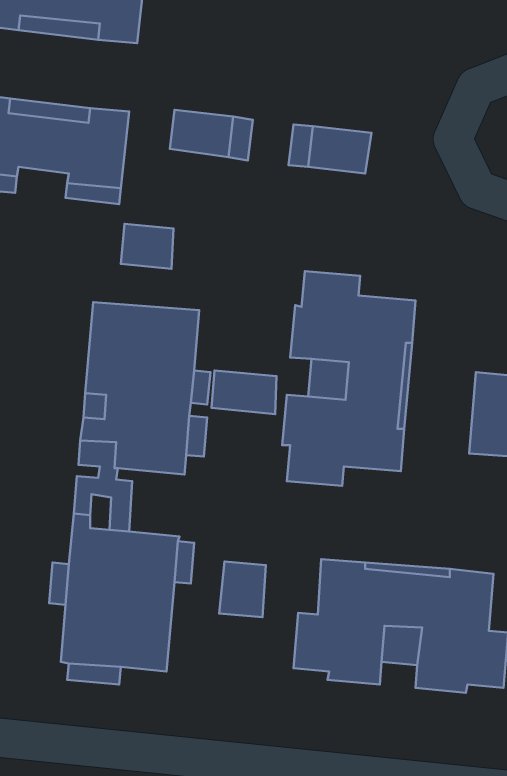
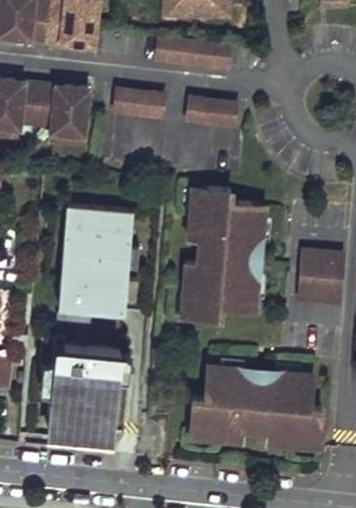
building: none -> [156,36,232,69]
building: [121,224,174,269] -> none
building: [211,371,277,414] -> none
building: [219,562,266,617] -> none

